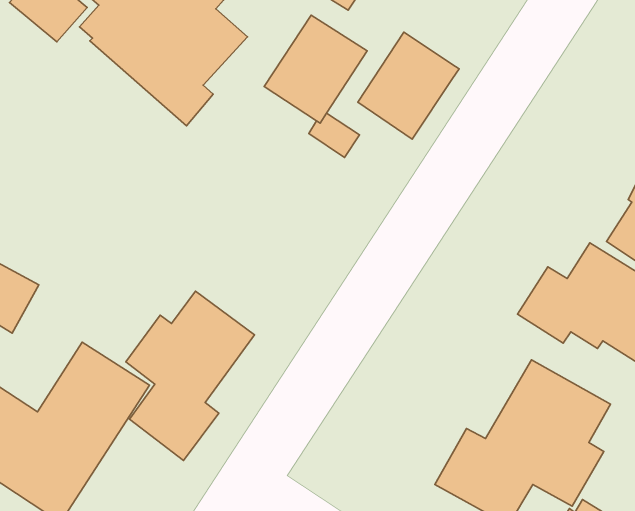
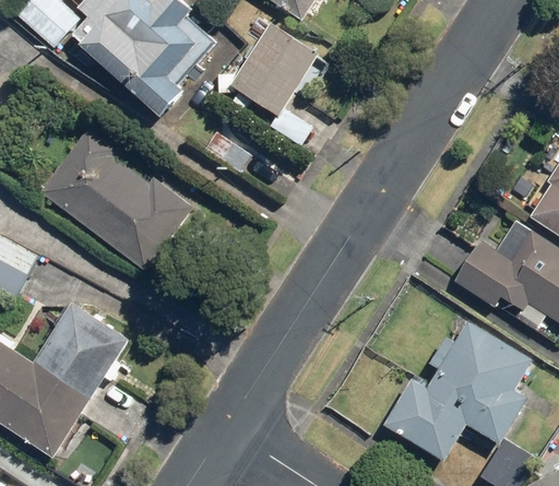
building: [358,32,459,139] -> none
building: none -> [39,128,191,270]
building: [126,291,254,461] -> none

